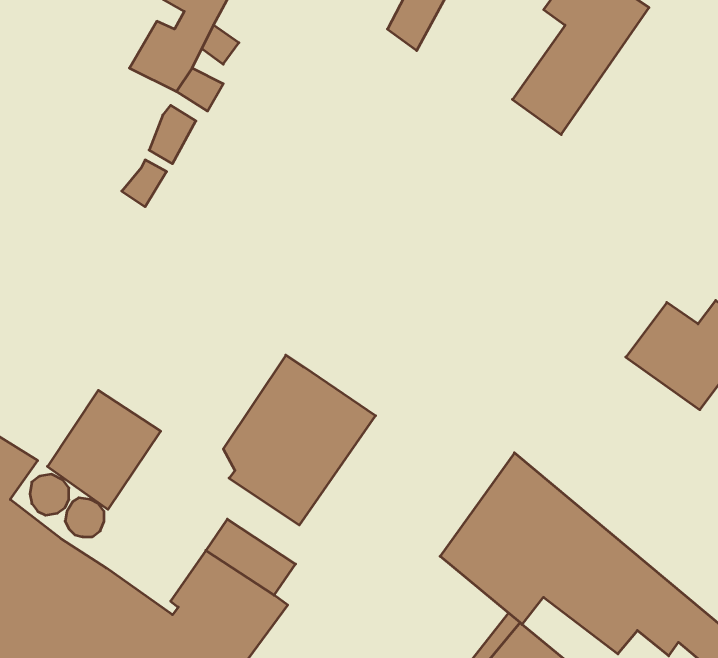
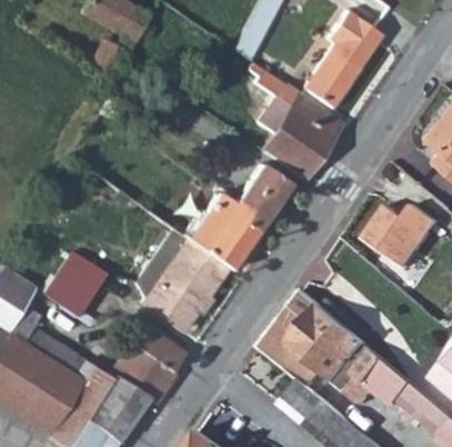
building: none -> [259,83,337,178]
building: none -> [183,166,287,271]

